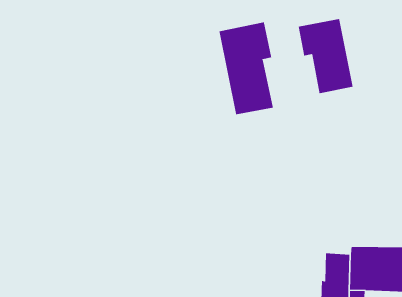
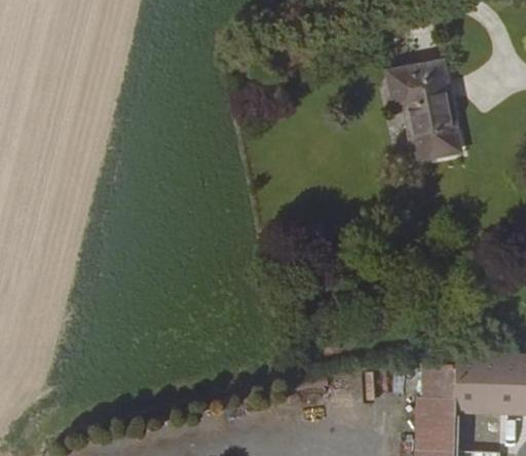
building: [219,21,273,115] -> none

